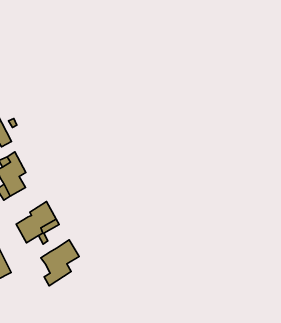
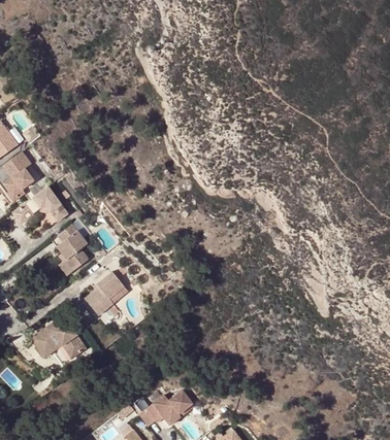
building: [41,240,79,286] -> none

